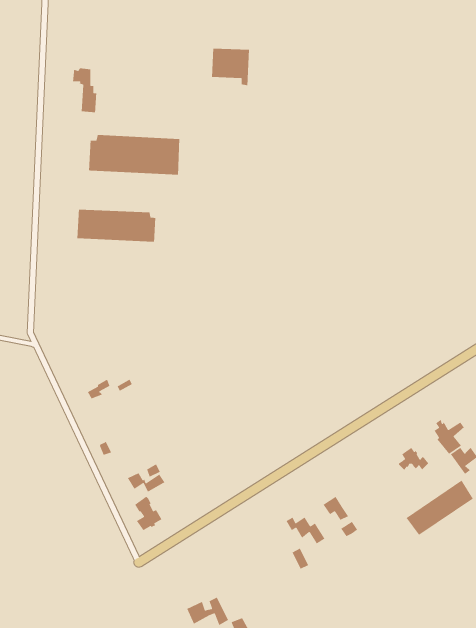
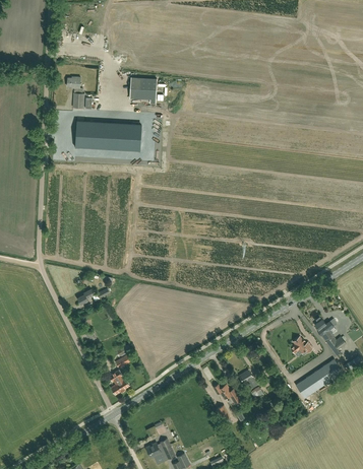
building: [211,48,250,86] -> [130,78,157,105]
building: [76,209,156,243] -> none

